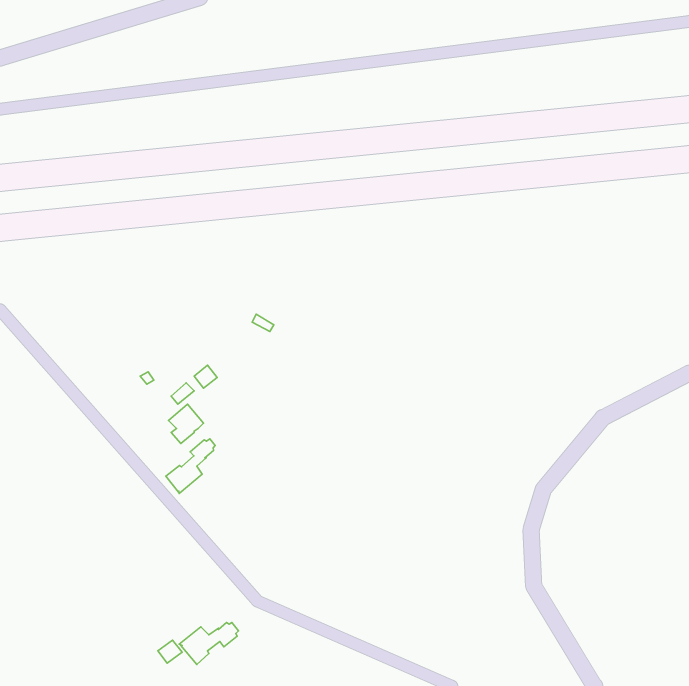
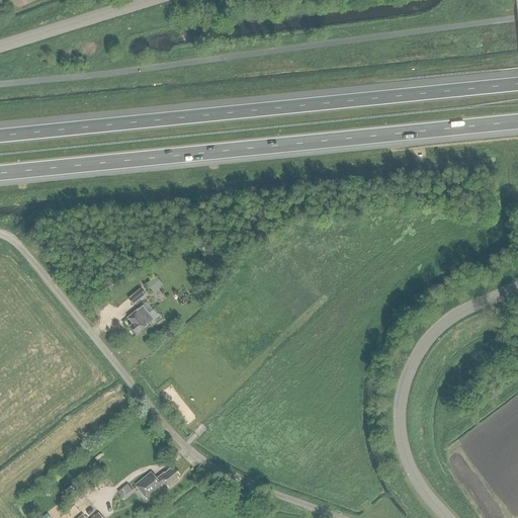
building: [166,439,215,494] -> none

